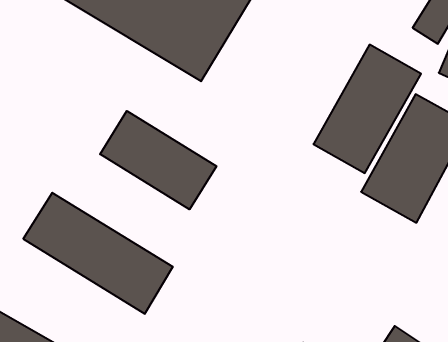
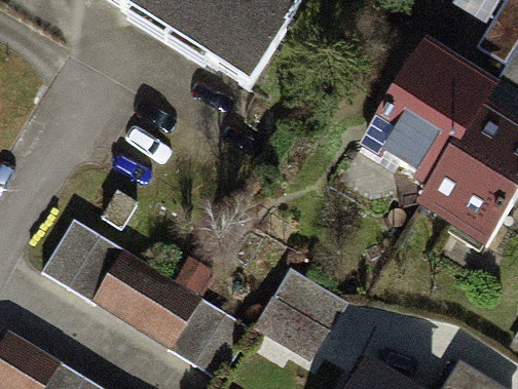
building: [100,111,216,209] -> none
building: none -> [263,278,345,361]

